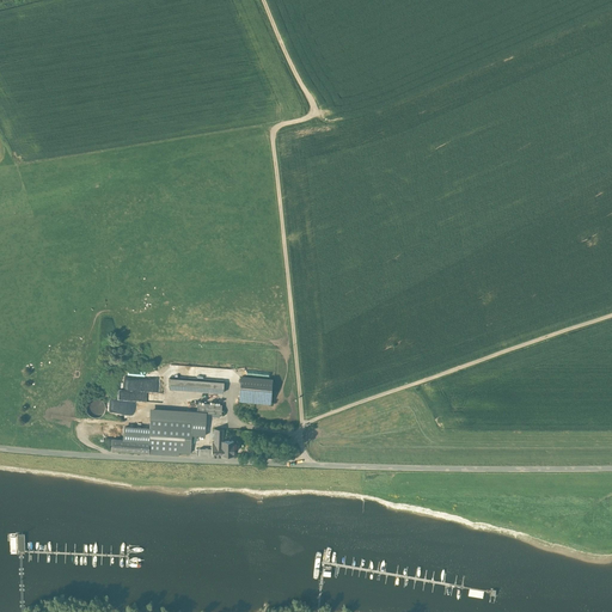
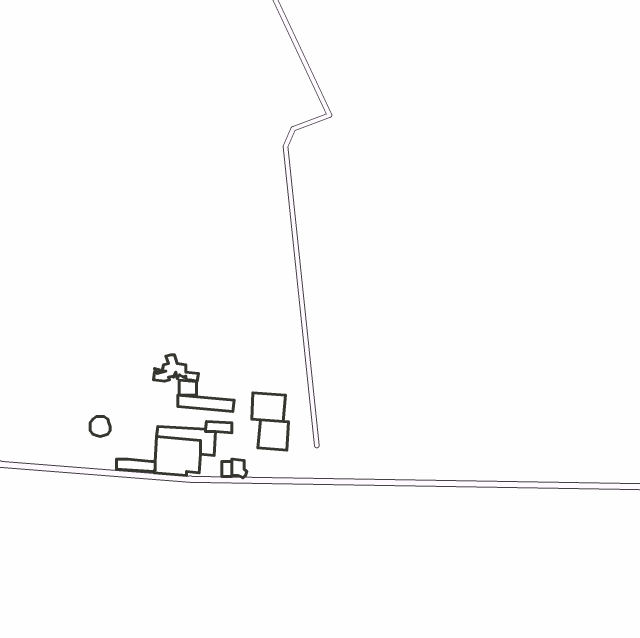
building: [120,375,163,400] -> [153,355,198,381]
building: none -> [258,420,289,450]

